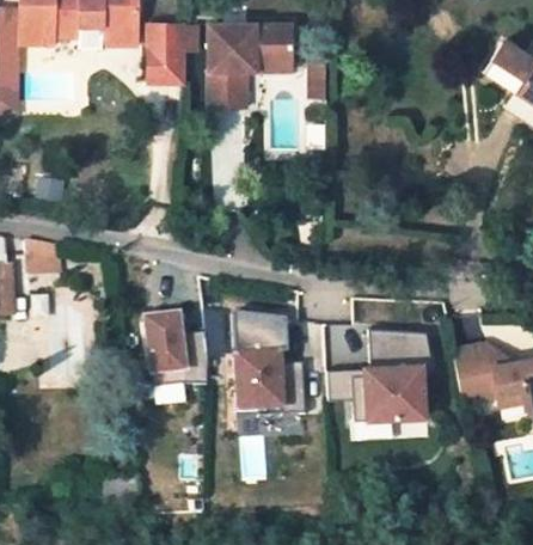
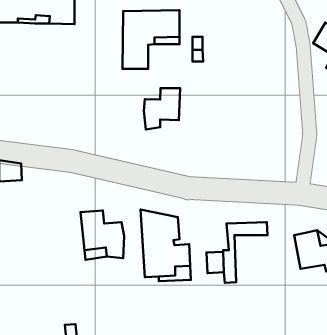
building: [151,23,184,81] -> none
building: none -> [144,88,180,130]
building: [369,349,418,417] -> none

